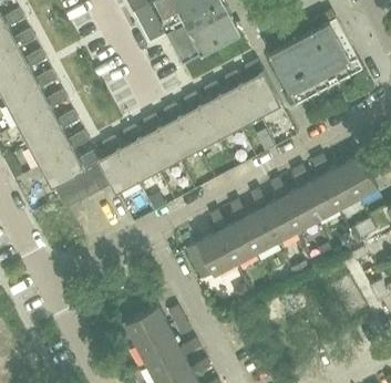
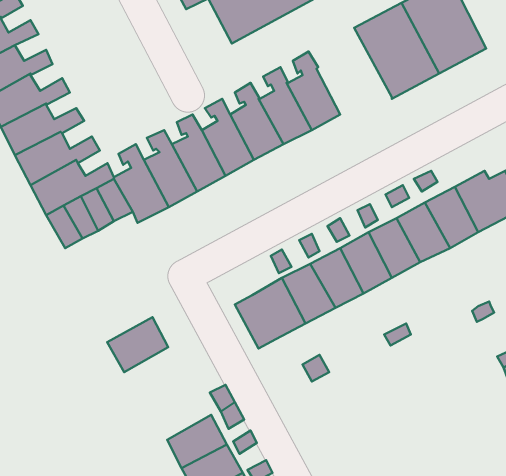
building: [243,63,281,117] -> none
building: [125,308,168,346] -> [107,317,168,372]

